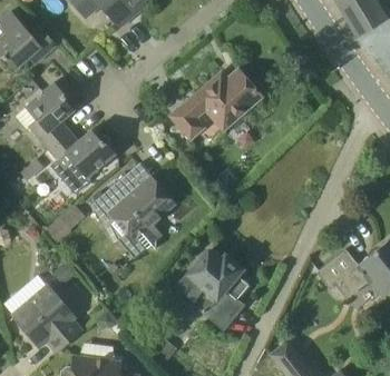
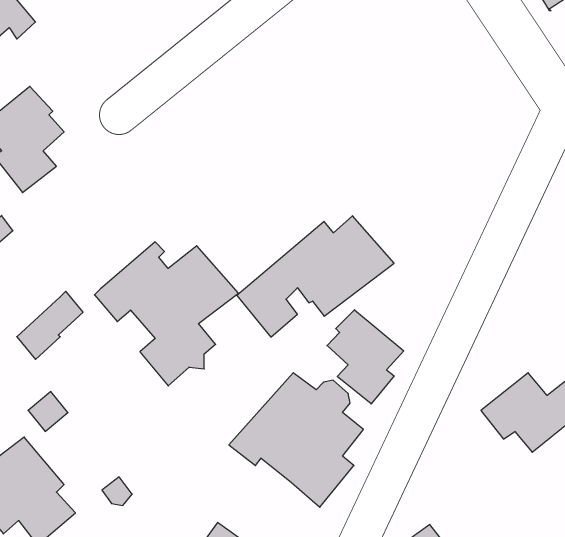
building: [170,69,263,140] -> [237,216,394,337]
building: [49,130,114,195] -> none
building: none -> [327,310,404,404]

